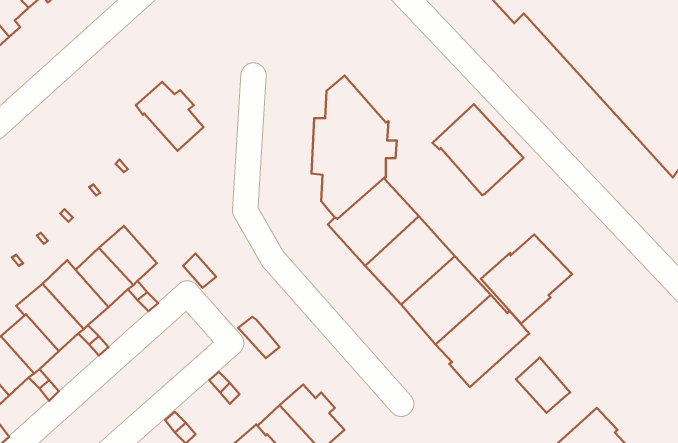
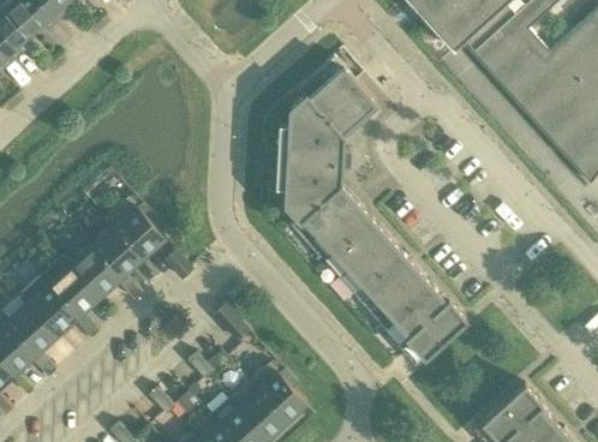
building: [136,82,204,151] -> [106,197,165,257]
building: [433,104,524,195] -> [298,55,377,135]
building: [481,235,572,324] -> none
building: [516,357,570,413] -> none

